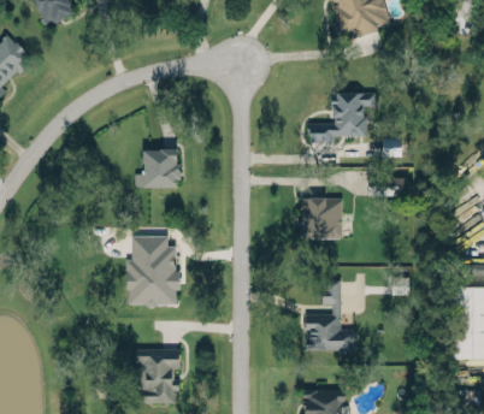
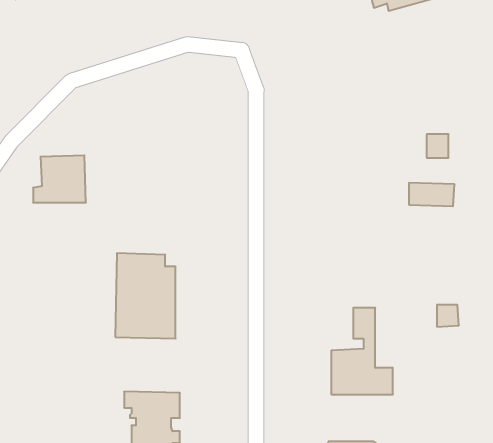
building: [308,91,374,142] -> none
building: [135,148,178,187] -> [33,155,86,203]
building: [300,197,342,238] -> none

